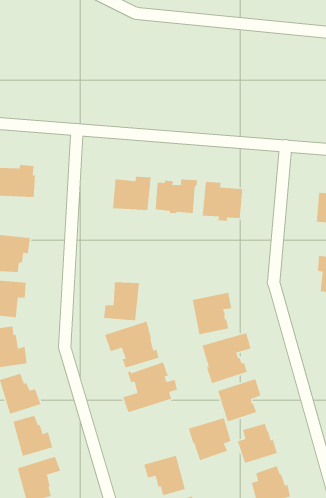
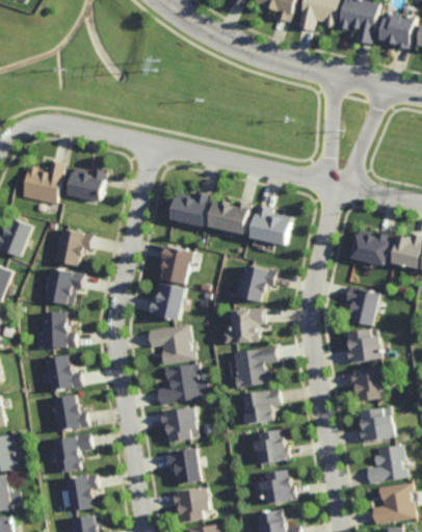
building: none -> [160,246,190,283]
building: none -> [239,265,275,301]
building: [188,417,231,461] -> [159,407,196,444]

